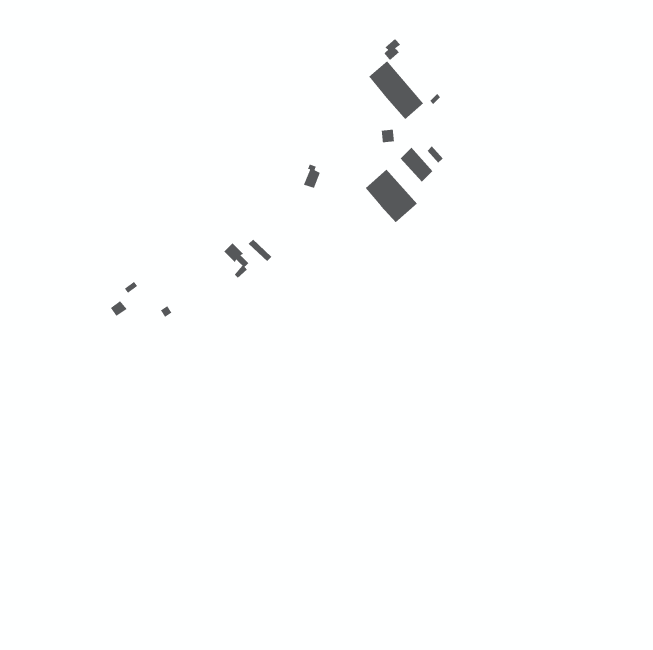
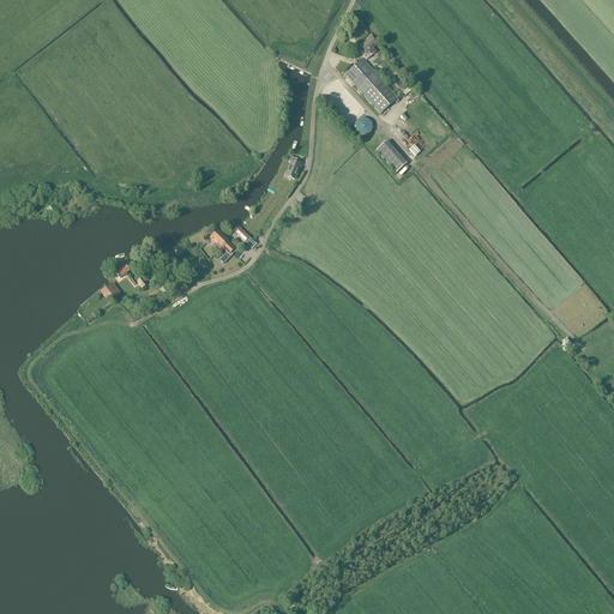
building: [365,169,418,223] -> none

